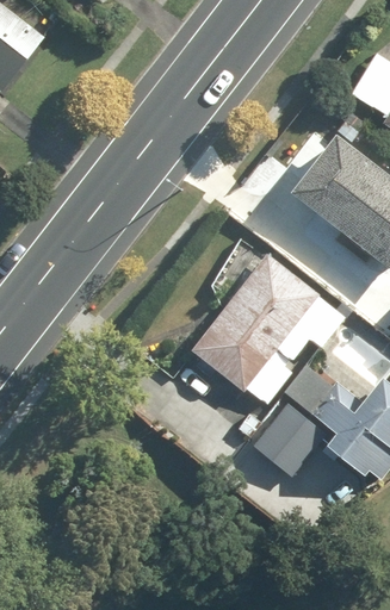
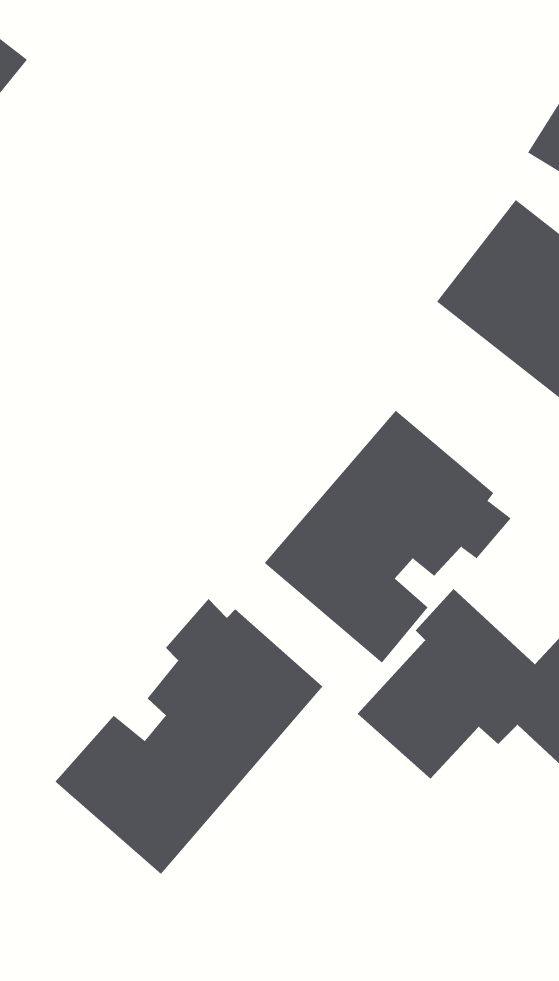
building: none -> [54,598,323,875]

